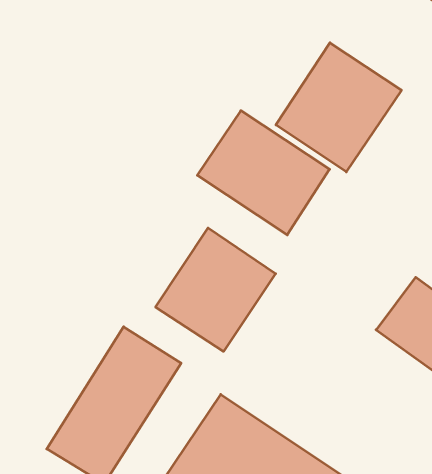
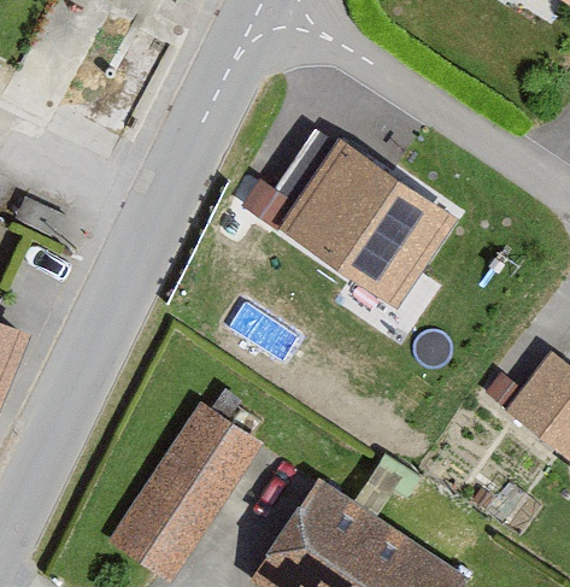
building: [276,43,401,172] -> none
building: [156,228,276,351] -> none

